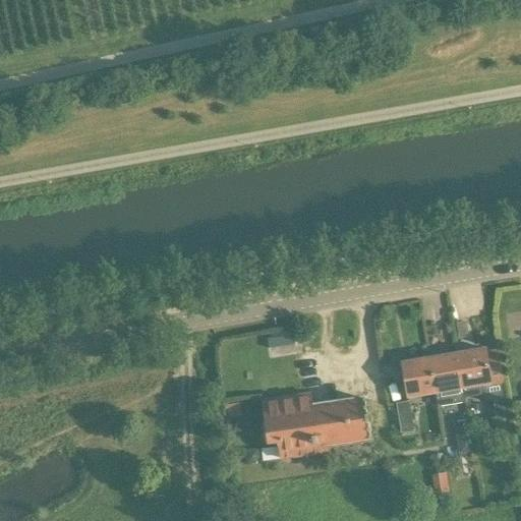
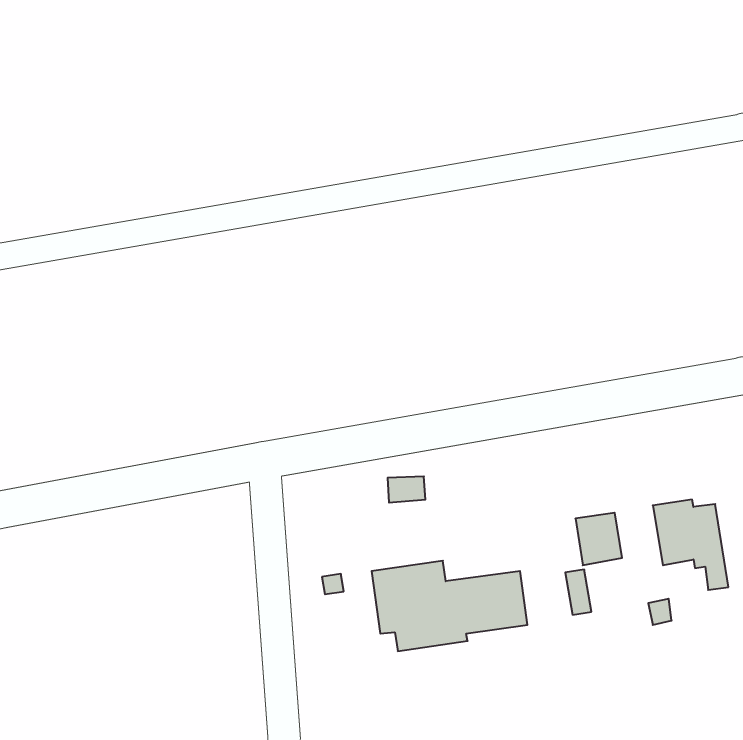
building: [429,353,464,404] -> none

